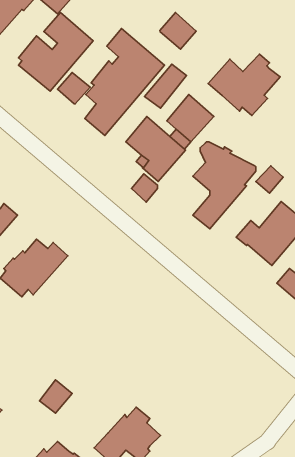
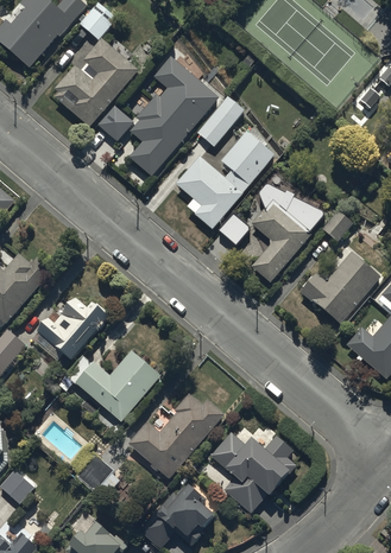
building: [160,12,196,49] -> none
building: [208,54,280,116] -> none
building: [131,174,158,202] -> [219,214,248,246]
building: none -> [64,349,159,420]
building: none -> [128,394,225,479]
building: none -> [210,433,296,514]

